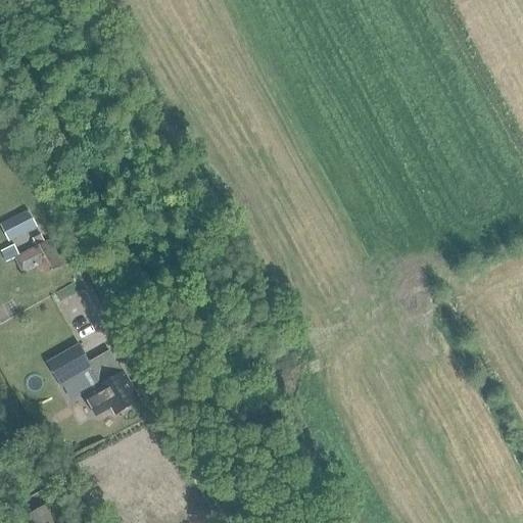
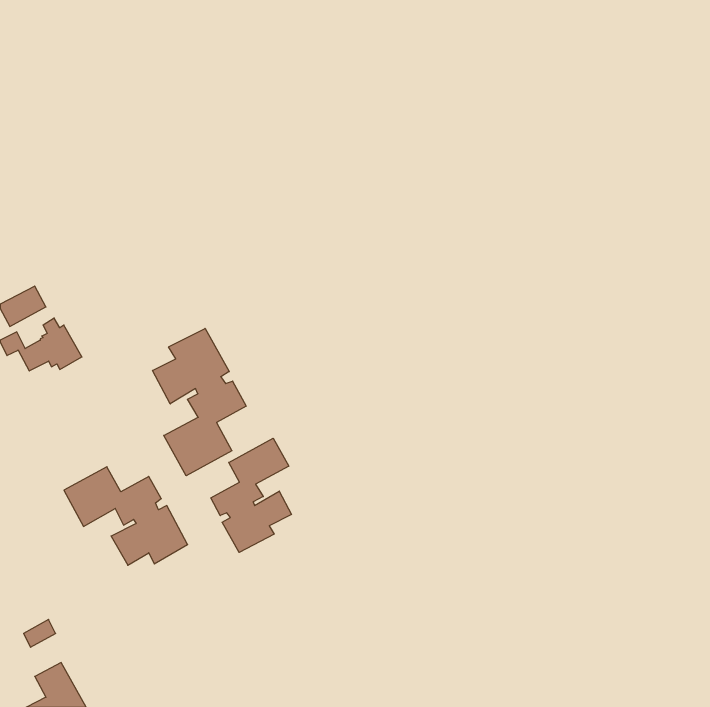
building: none -> [153,328,246,476]
building: none -> [211,438,291,552]

